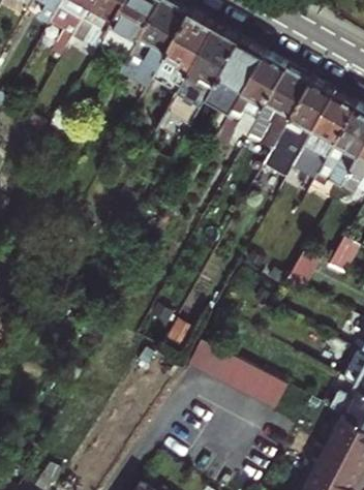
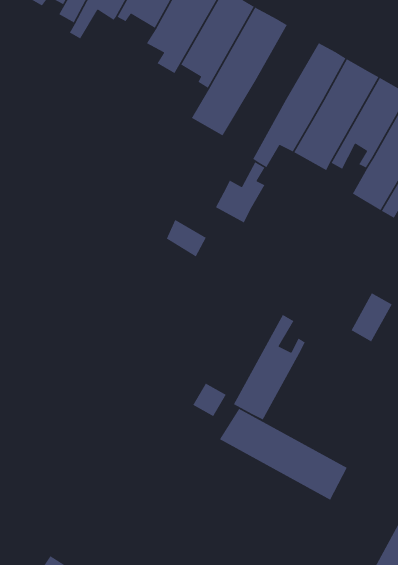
building: [219,41,268,99] -> none
building: [266,134,305,183] -> [215,161,265,223]
building: none -> [233,314,306,420]

